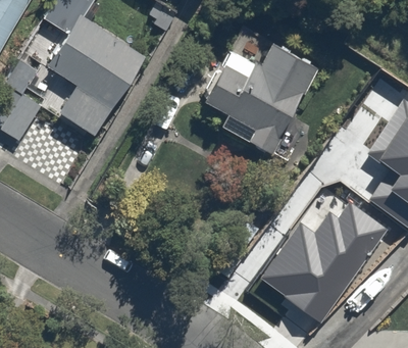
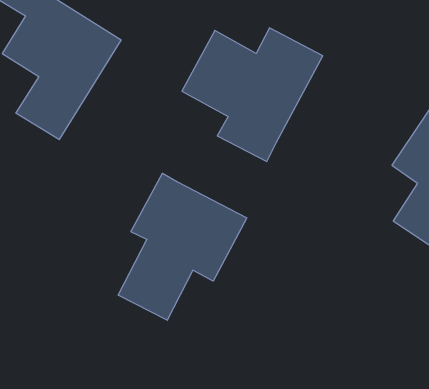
building: none -> [118,173,247,320]
building: [267,206,393,326] -> none

